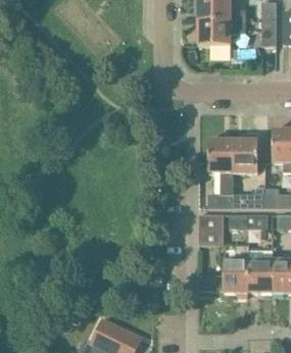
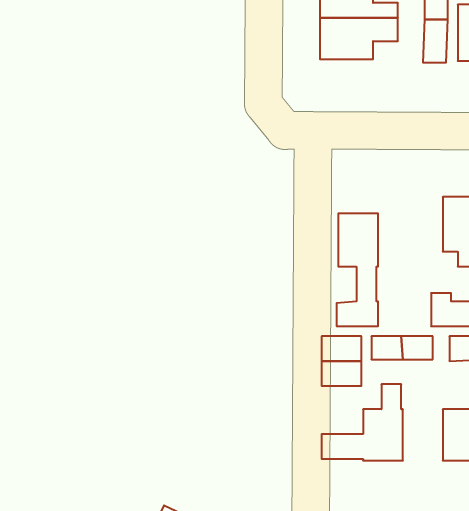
building: [233,132,257,171] -> none
building: [233,188,265,208] -> none
building: [247,249,273,291] -> none

